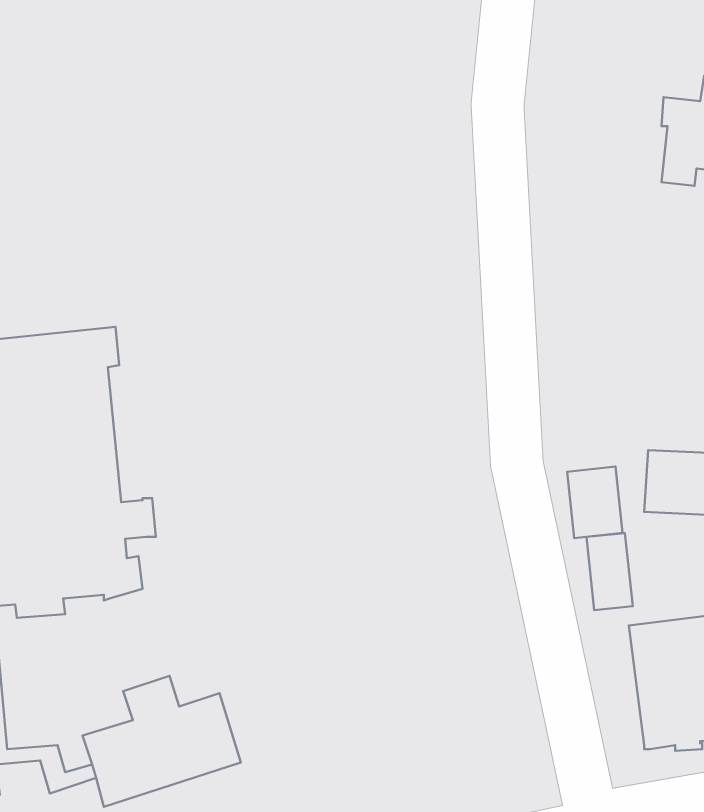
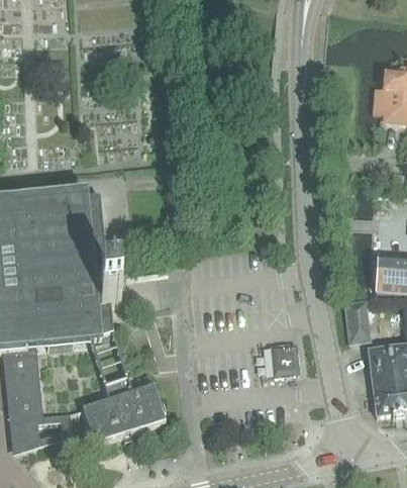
building: [567,466,623,538] -> none
building: none -> [270,341,298,374]

